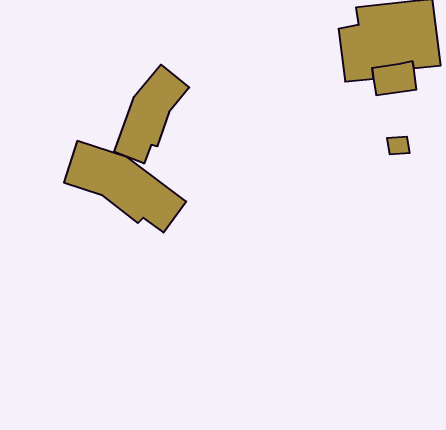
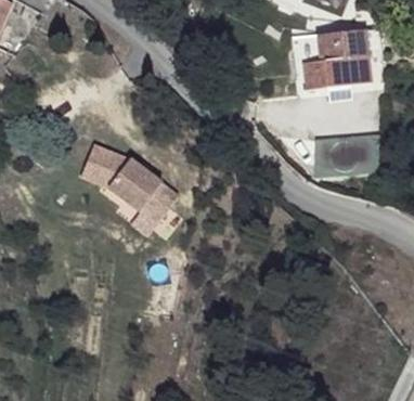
building: [114,65,189,164] -> none

